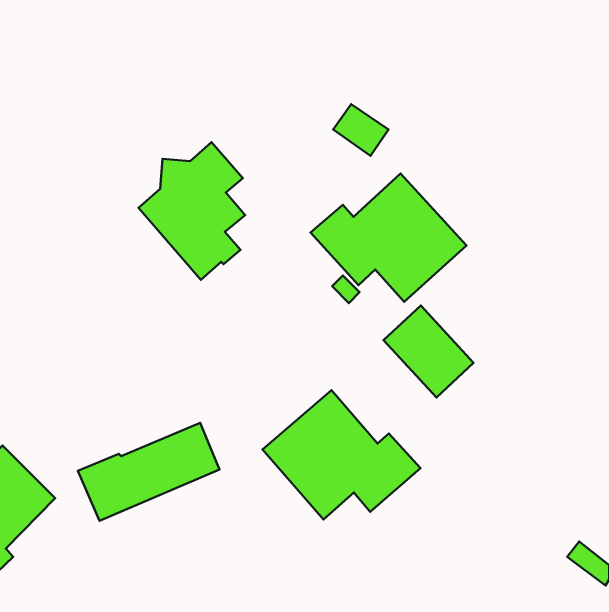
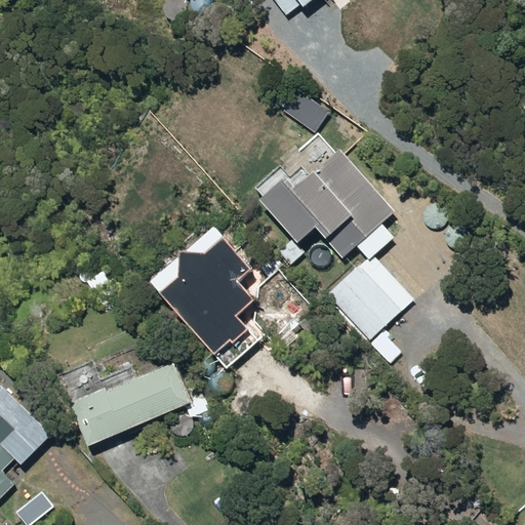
building: [138,142,245,280] -> [158,238,249,356]
building: [262,390,421,520] -> none

